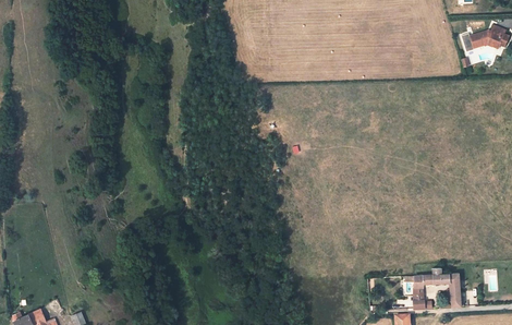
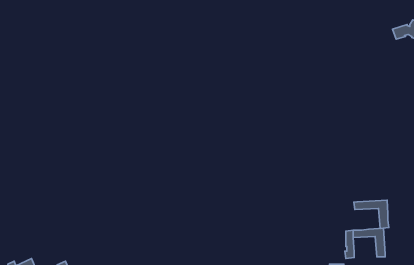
building: none -> [354,200,389,228]

